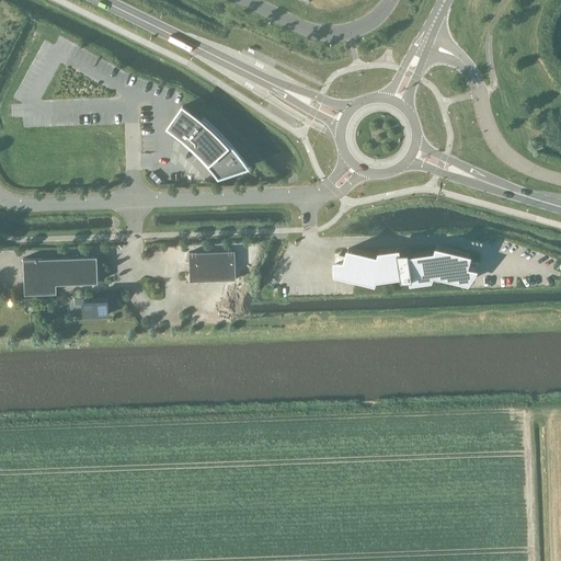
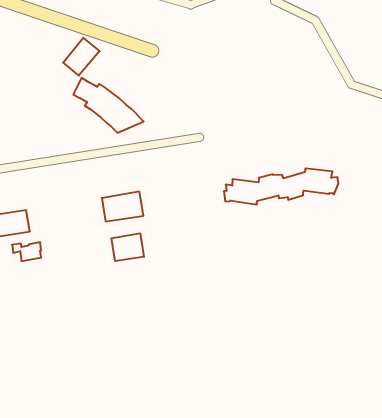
building: none -> [63,38,100,76]
building: none -> [111,233,144,261]

